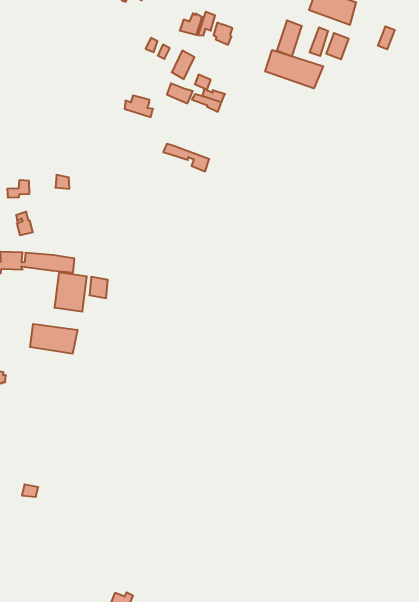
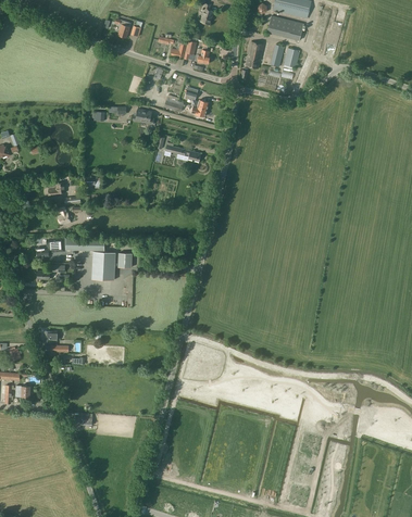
building: [265,50,323,88] -> none
building: [30,324,77,354] -> none

